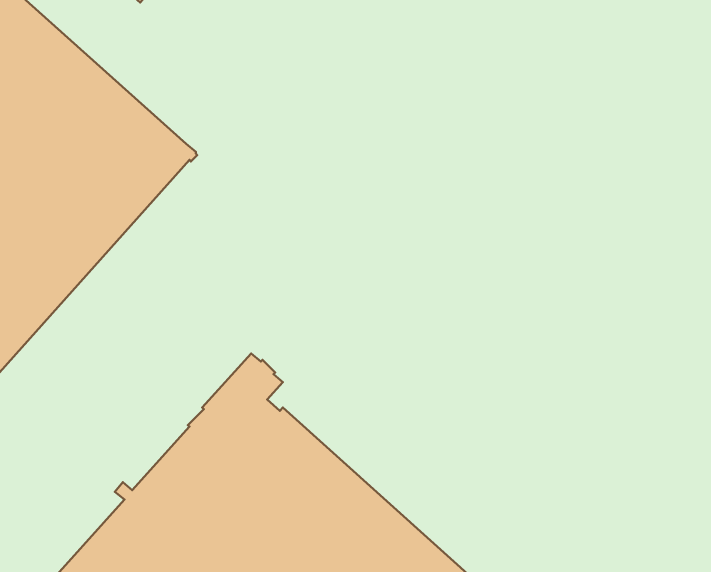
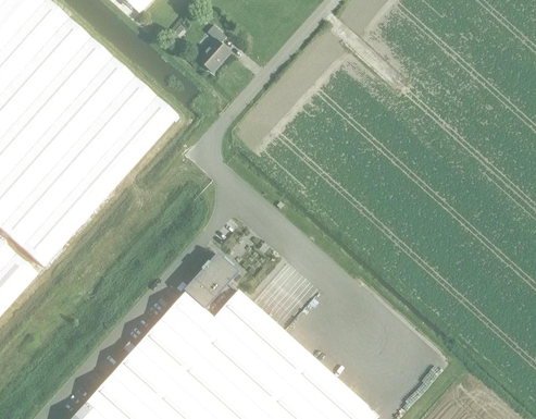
building: none -> [199,25,232,72]

